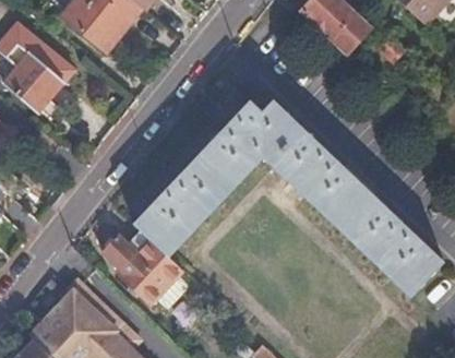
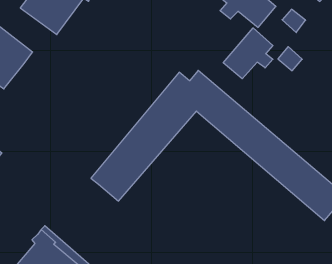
building: none -> [223,28,273,79]
building: [103,232,182,302] -> none

